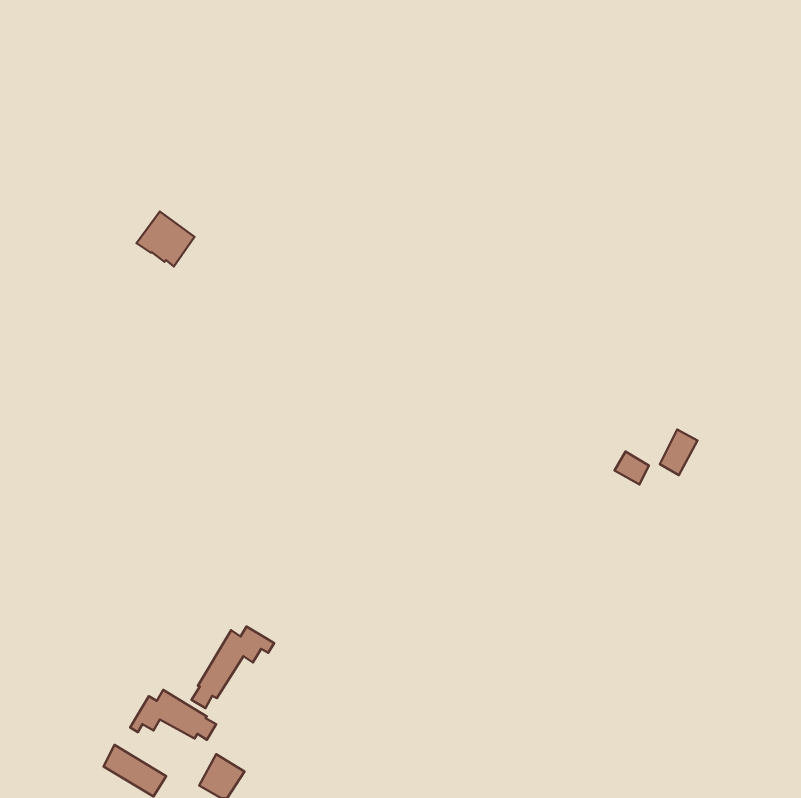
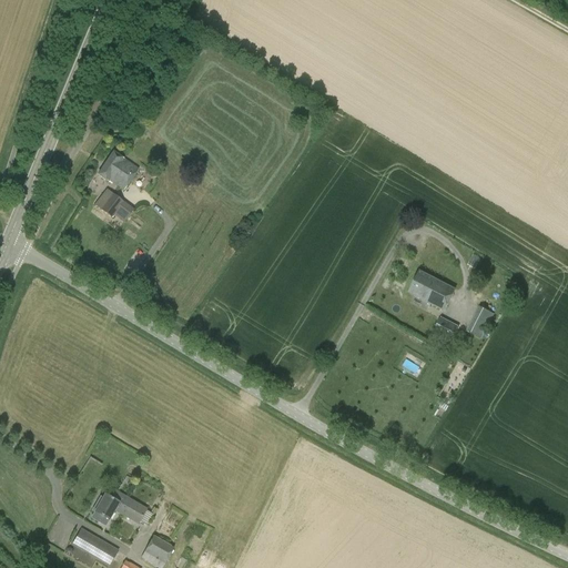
building: none -> [94,187,134,221]
building: none -> [408,270,455,310]
building: [192,626,274,708] -> none

